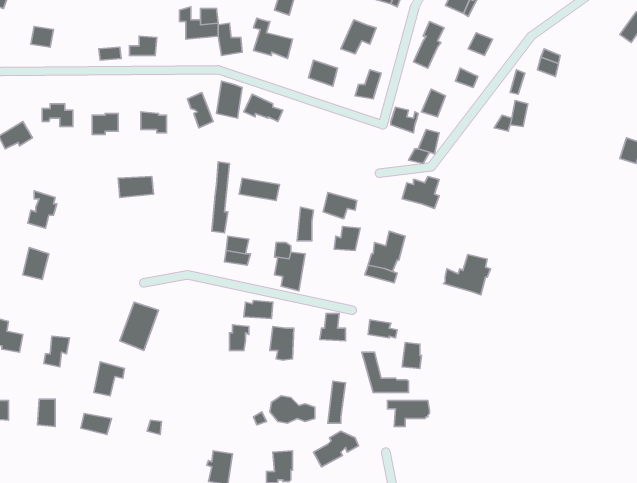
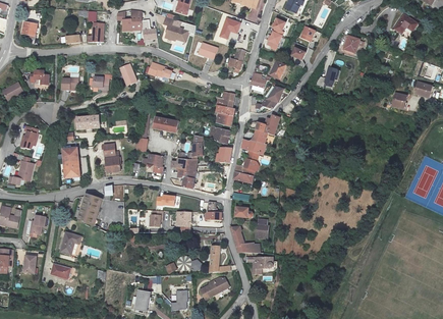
building: none -> [213,92,235,127]
building: none -> [99,143,118,172]
building: none -> [66,147,81,175]
building: [444,254,490,295] -> [241,130,271,156]

